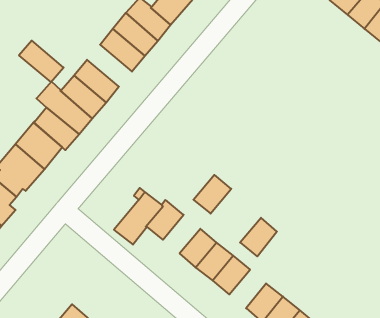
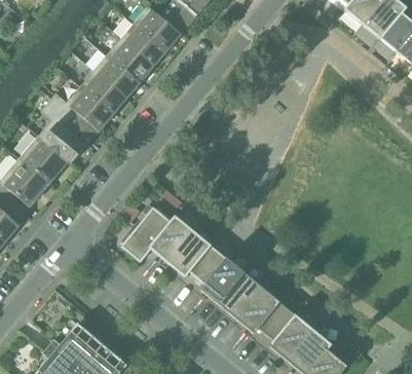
building: [19,41,64,82] -> [93,55,140,99]
building: [193,175,231,214] -> [172,231,211,271]
building: [240,218,277,256] -> [240,288,278,328]

